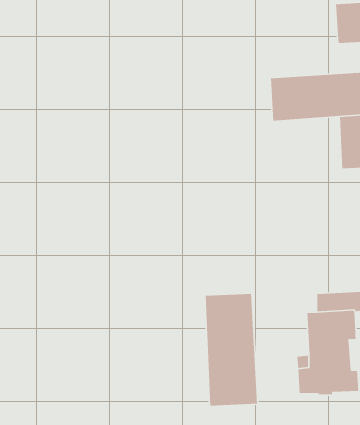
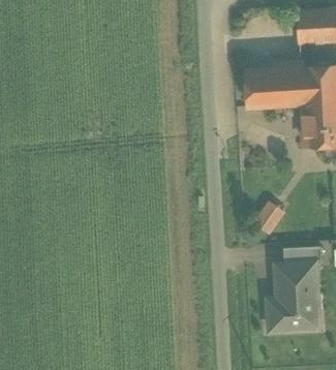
building: none -> [255,195,288,229]
building: [205,293,258,407] -> none

